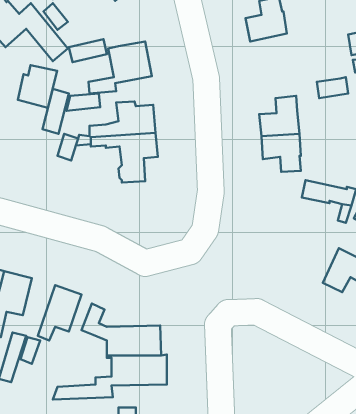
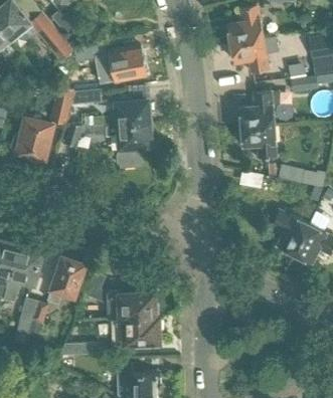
building: none -> [232,37,270,72]
building: [18,65,57,108] -> [19,120,53,157]
building: none -> [274,212,310,254]

